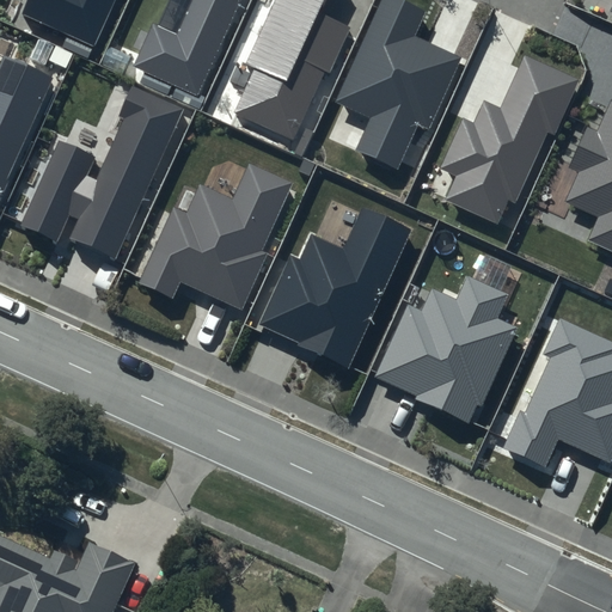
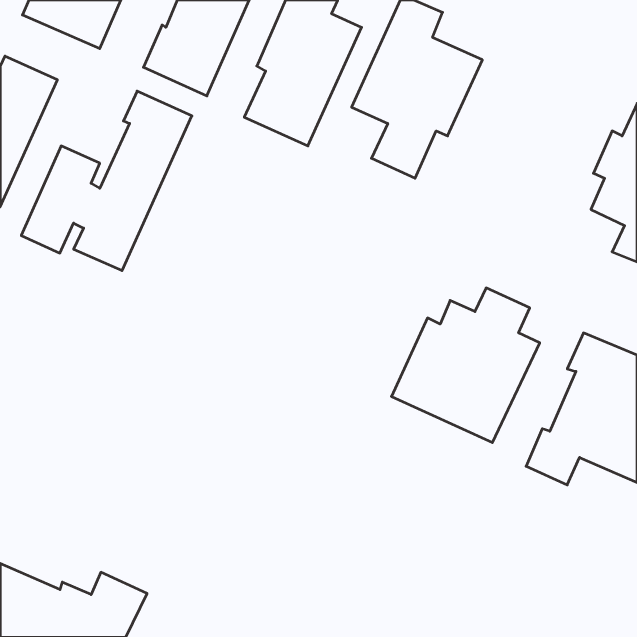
building: [440,55,580,224] -> none
building: [139,164,292,311] -> none
building: [257,208,411,368] -> none

